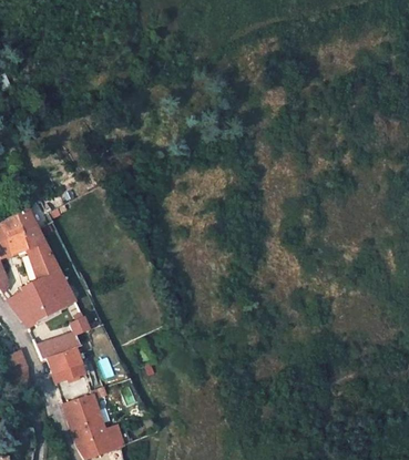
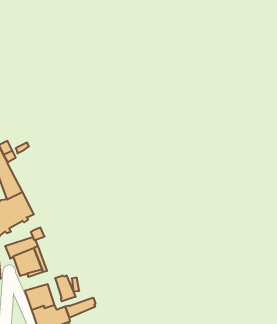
building: none -> [55,275,76,301]
building: none -> [65,298,95,318]

